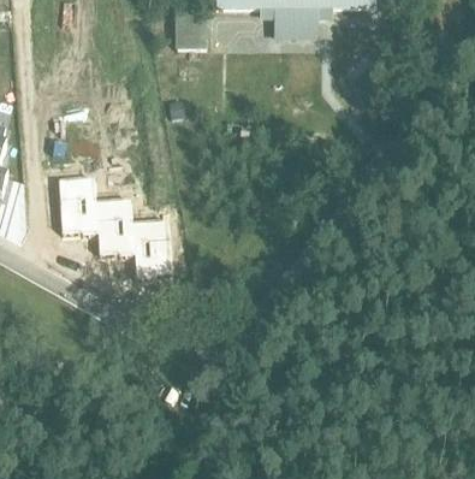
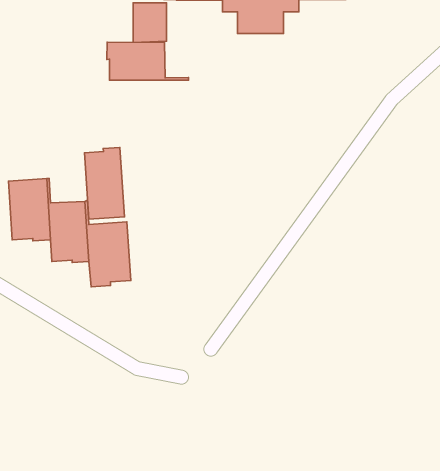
building: none -> [107,42,189,80]
building: none -> [84,148,125,219]

